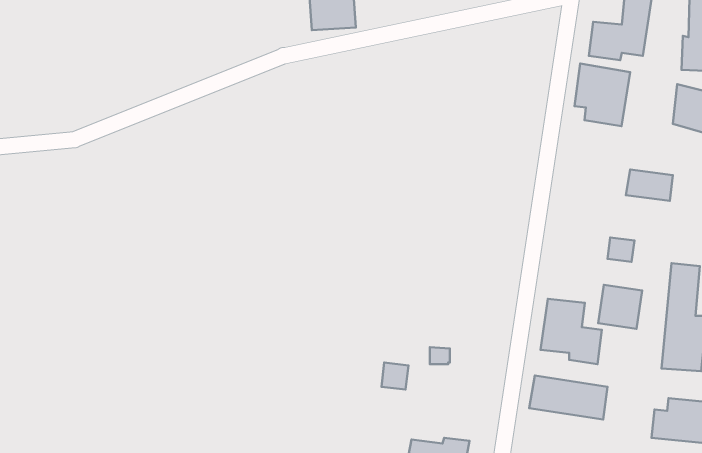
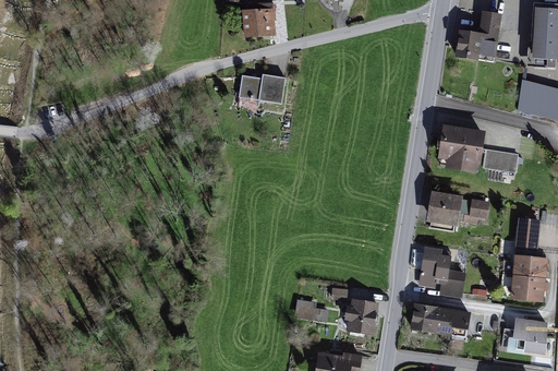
building: [575,64,630,126] -> [442,125,485,173]
building: none -> [240,74,286,104]
building: [598,285,642,329] -> [427,191,461,225]
building: none -> [345,298,379,334]

